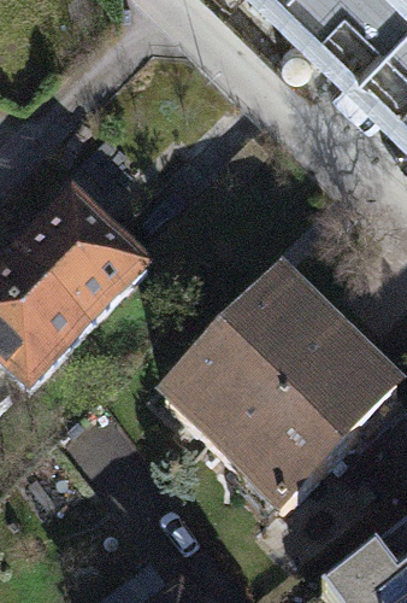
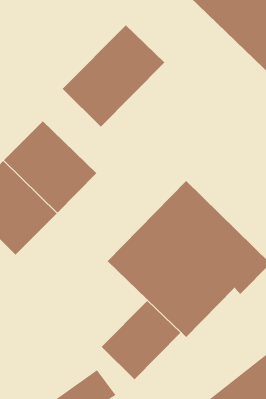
building: none -> [62,25,165,128]
building: none -> [101,300,181,380]

